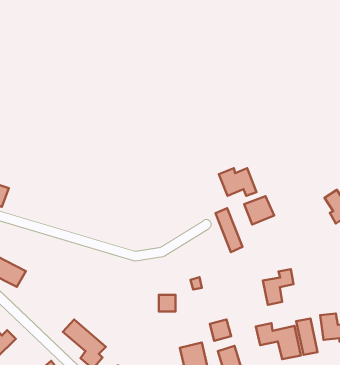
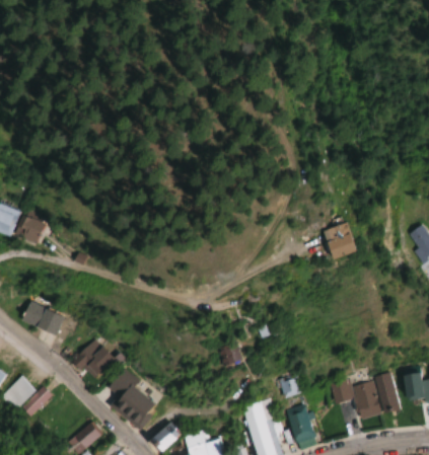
building: [219,168,257,196] -> none
building: [215,208,243,252] -> none
building: [263,269,293,305] -> none
building: none -> [75,338,115,379]

